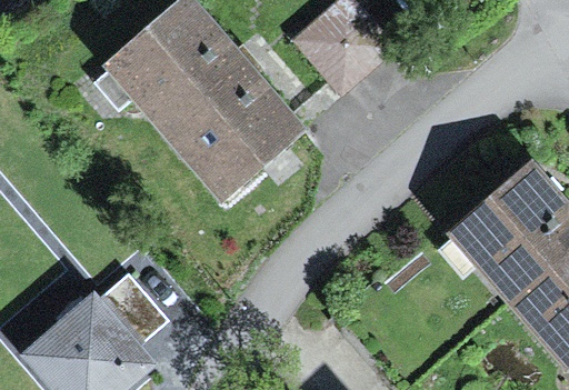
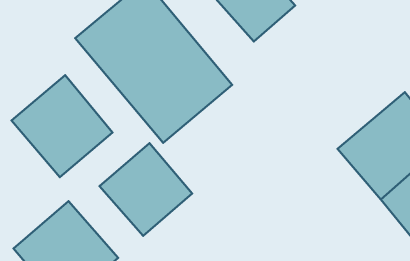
building: none -> [12,75,113,177]
building: none -> [100,143,192,236]

